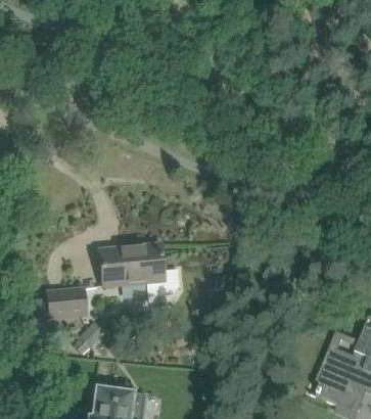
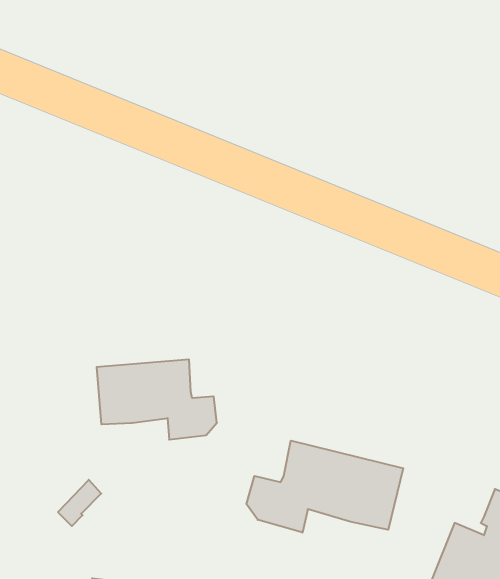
building: [47,287,77,315] -> none
building: none -> [246,441,403,533]

